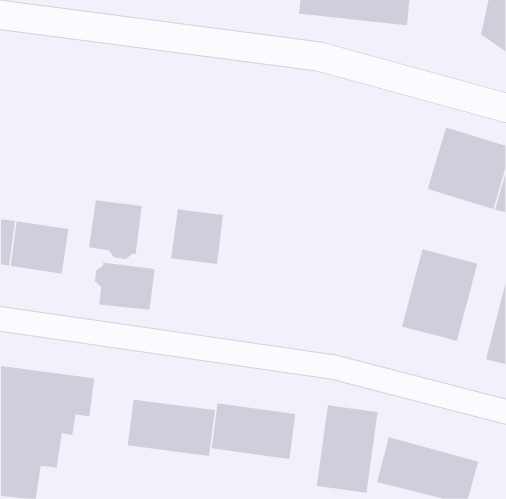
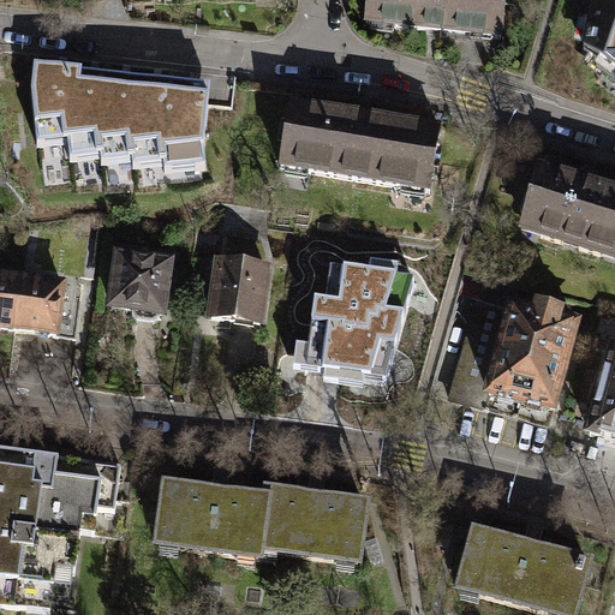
building: none -> [31,64,210,169]
building: none -> [276,100,435,185]
building: none -> [308,264,412,376]
building: [94,262,155,311] -> none
building: [316,404,378,494] -> none

